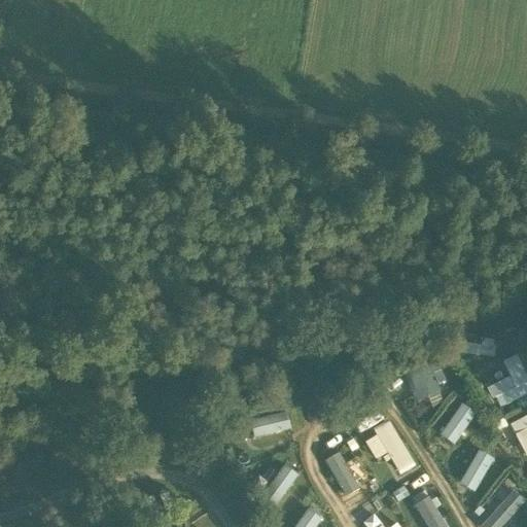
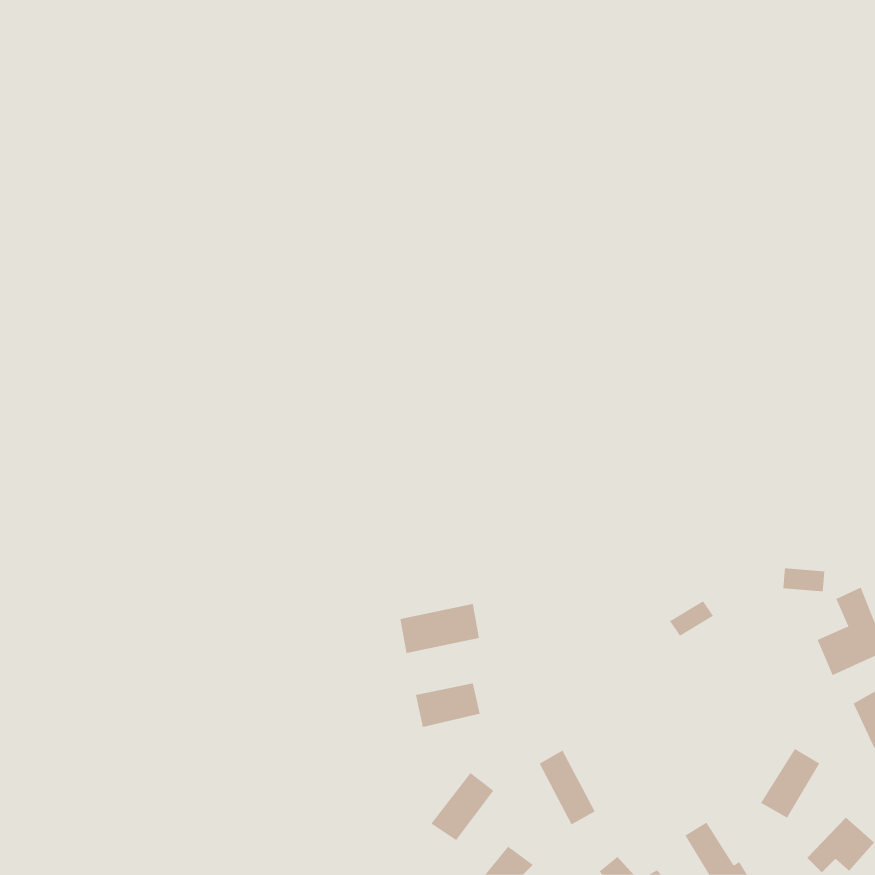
building: none -> [400,603,480,654]
building: [408,372,441,401] -> none
building: [436,402,476,445] -> none
building: [364,419,415,475] -> none

